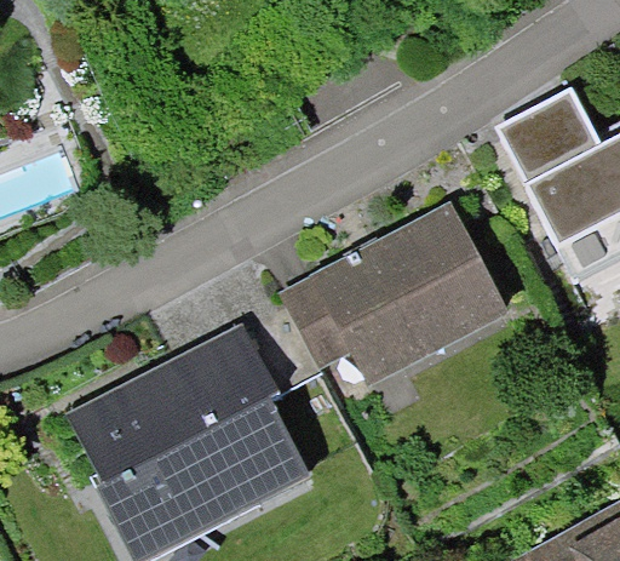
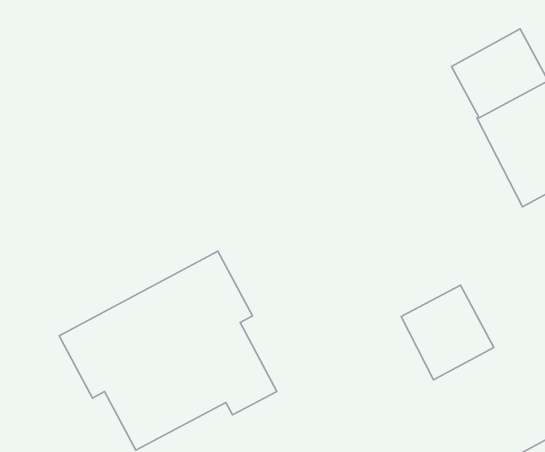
building: [283,212,501,380] -> none
building: none -> [401,285,494,380]

